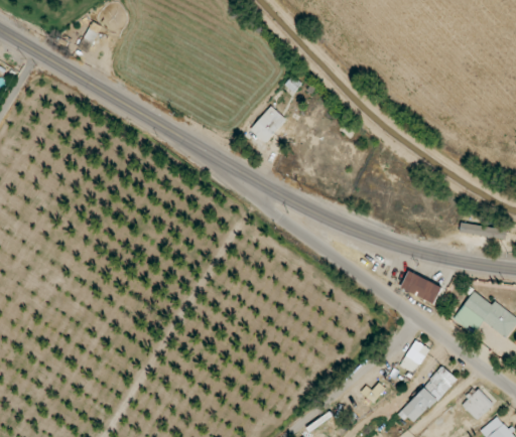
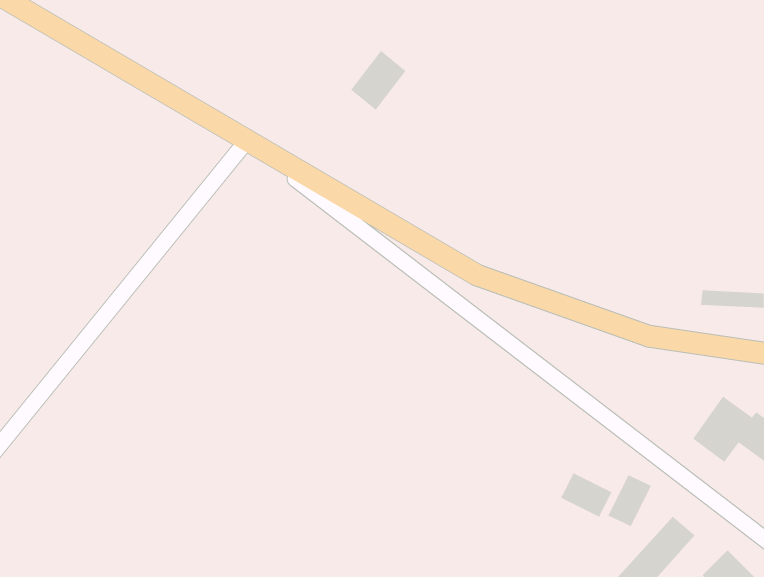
building: [250,106,285,144] -> [350,50,406,111]
building: [400,272,440,303] -> none
building: none -> [560,472,612,518]

